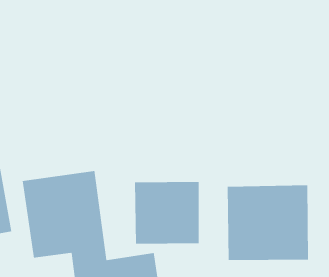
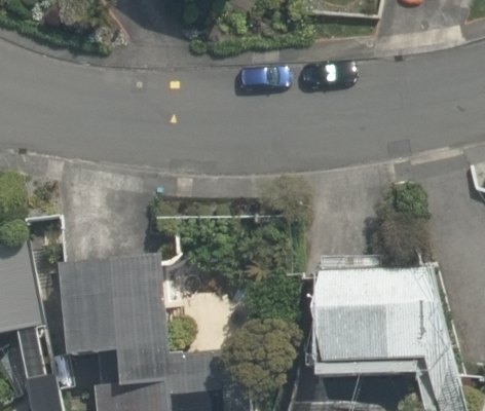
building: [135,181,199,244] -> none

